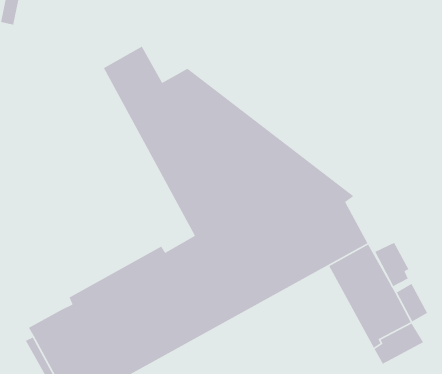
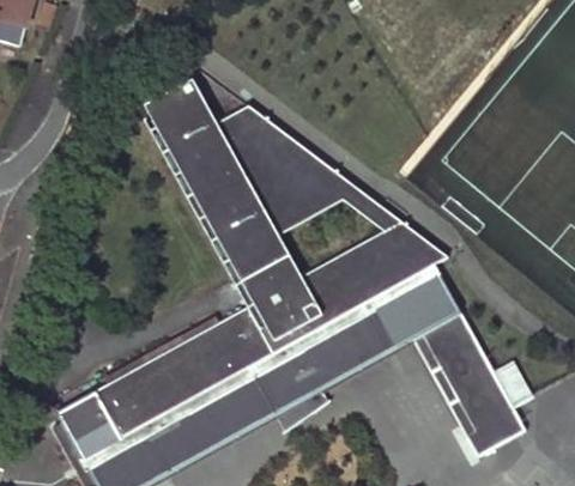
building: [374,242,409,287] -> none

